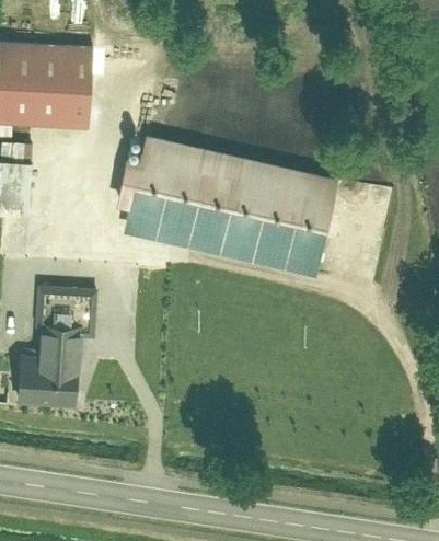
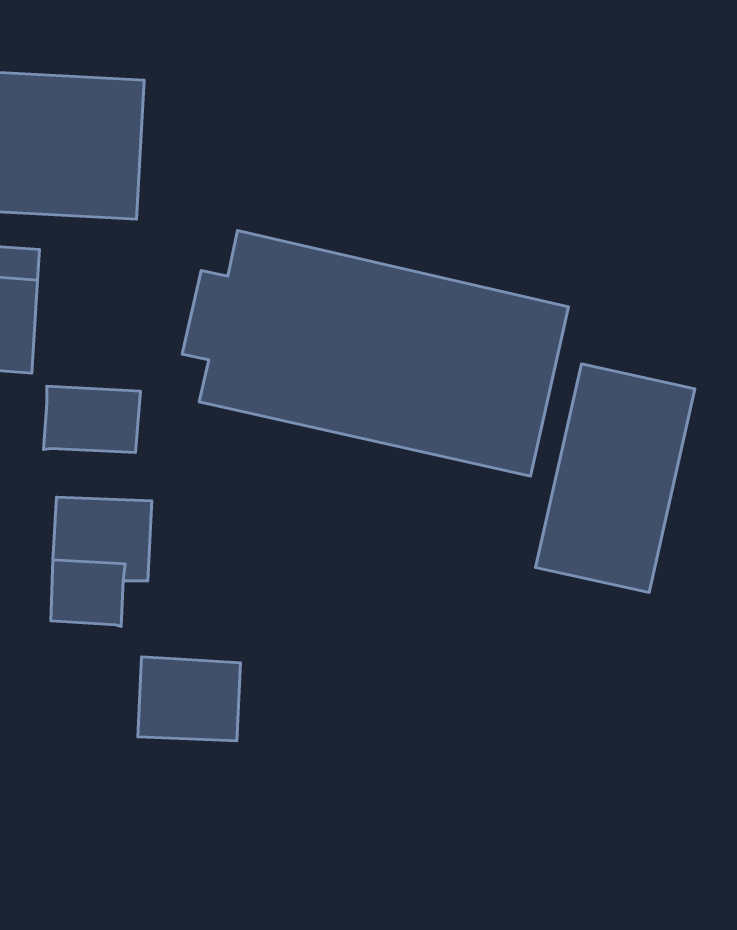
building: none -> [536,364,695,593]
building: none -> [44,386,141,453]
building: [18,358,77,406] -> [138,657,241,741]

